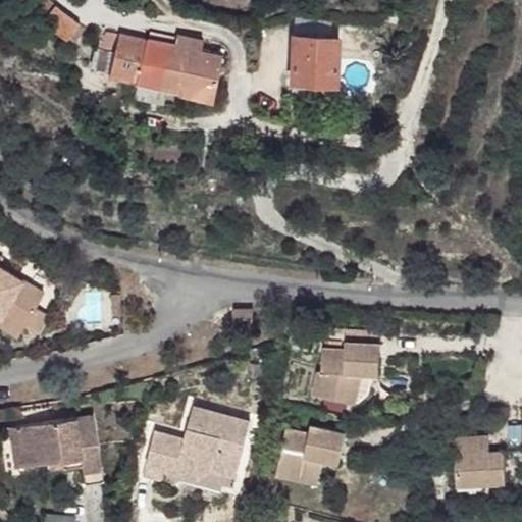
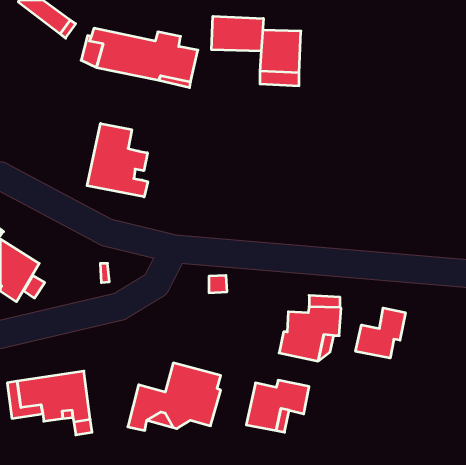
building: none -> [212,16,263,51]
building: none -> [87,123,148,197]
building: none -> [356,308,405,358]
building: [455,436,506,486] -> none

